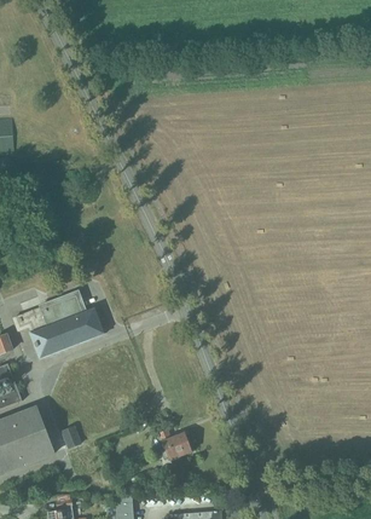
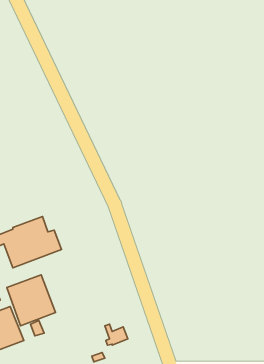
building: none -> [7,275,55,326]

